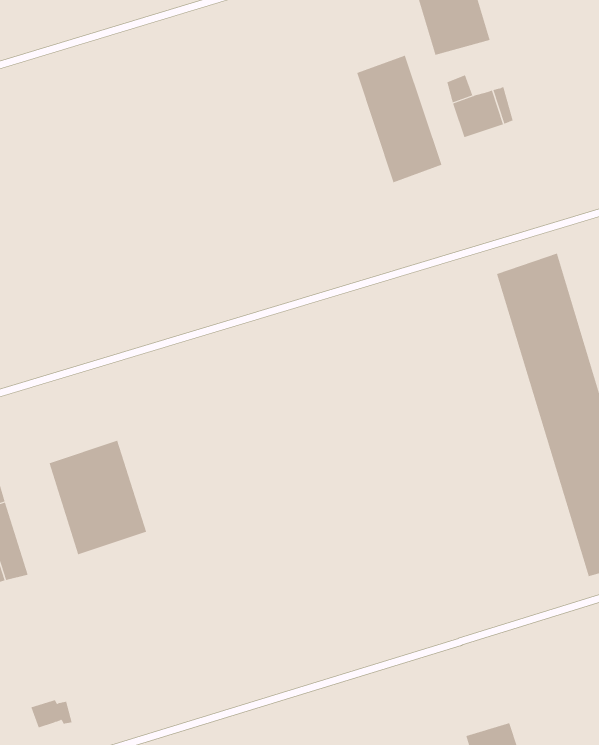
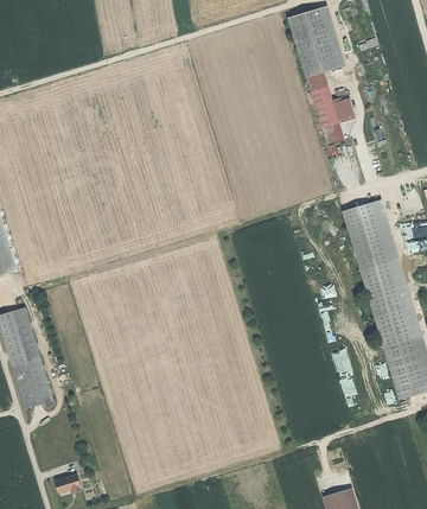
building: [356,55,442,183] -> none
building: [49,440,147,555] -> none

